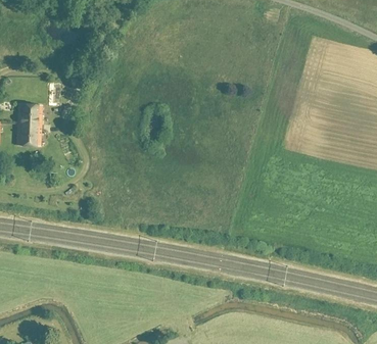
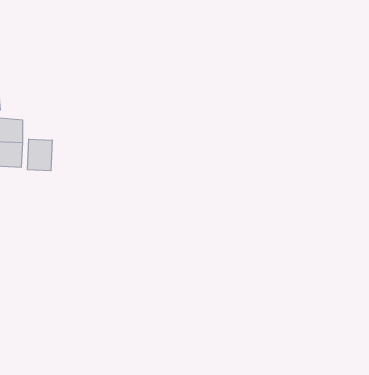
building: none -> [27,139,52,171]

